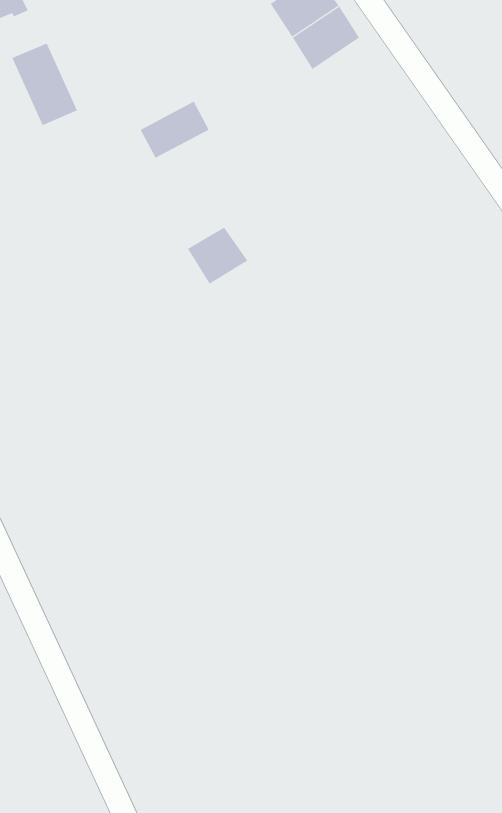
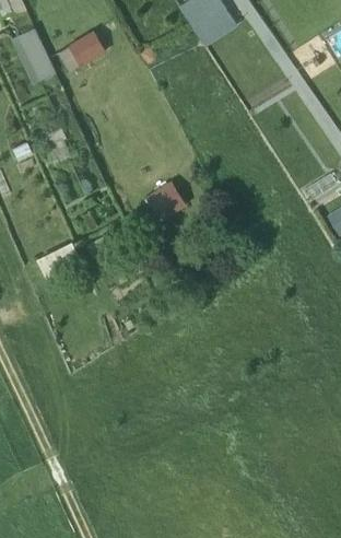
building: [140,101,209,159] -> [59,33,104,70]
building: [187,227,248,284] -> [148,182,187,219]

